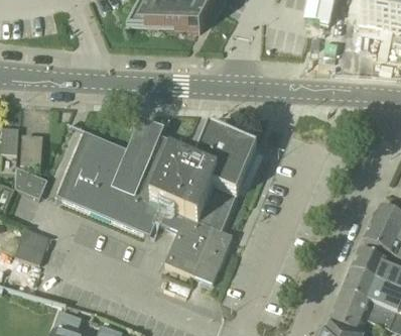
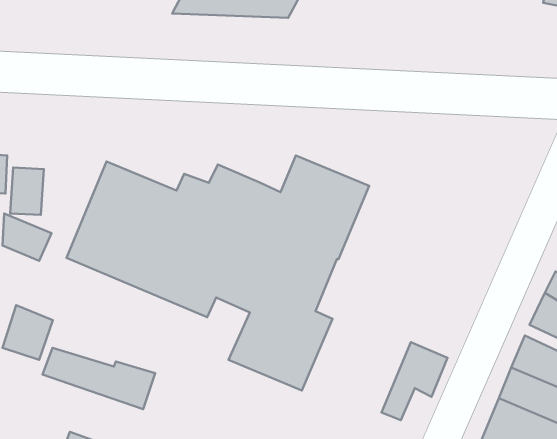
building: none -> [381,342,447,420]
building: none -> [42,348,155,409]

